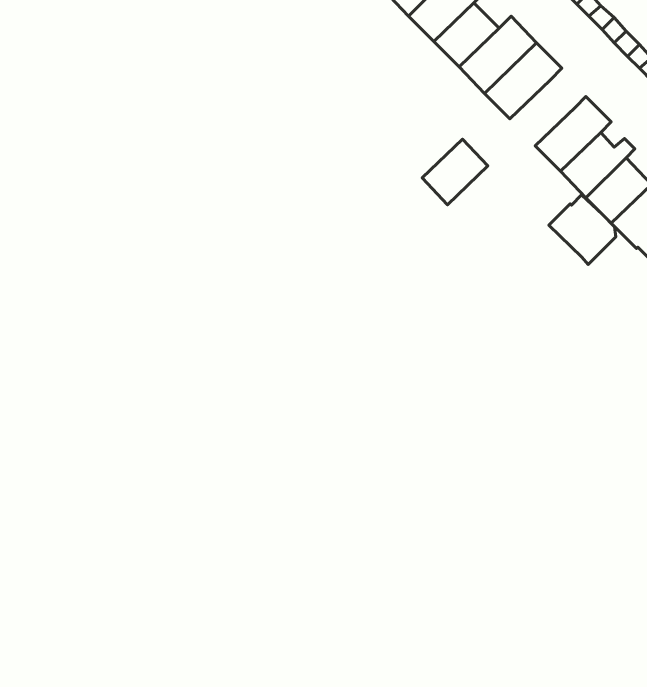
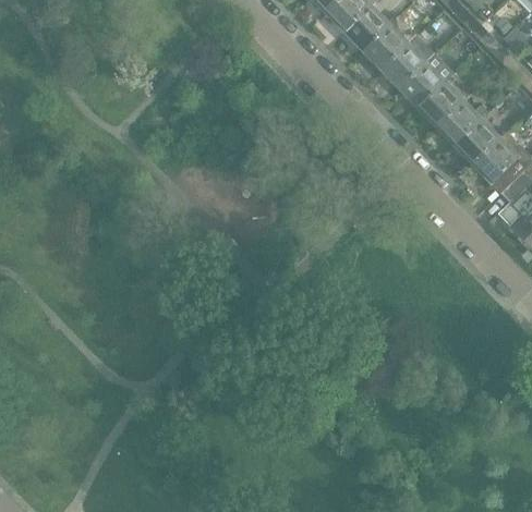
building: [422,139,488,205] -> [398,60,446,108]
building: [549,195,616,264] -> none

